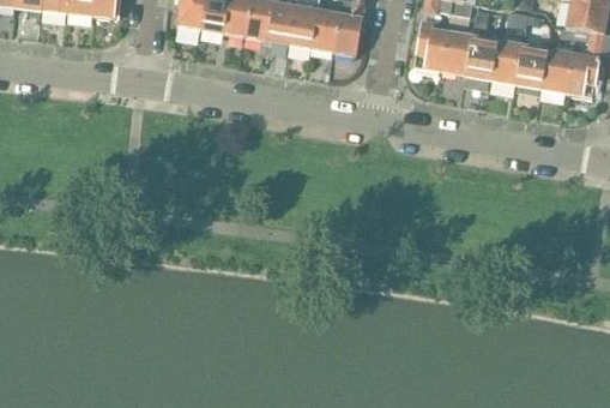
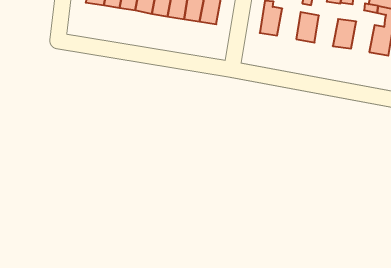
building: [439,32,471,74] -> none
building: [490,42,523,84] -> none
building: [540,50,573,92] -> none

